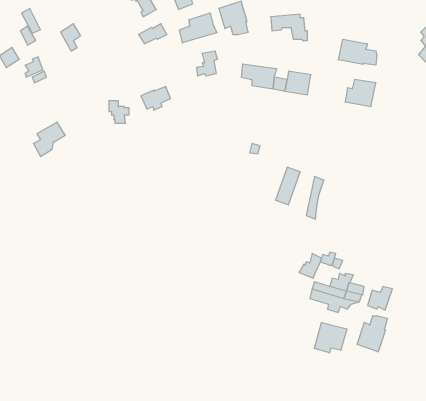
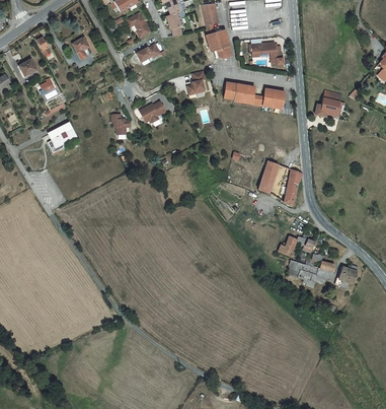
building: [179,13,217,43] -> none
building: [338,39,377,65] -> none
building: [357,316,387,352] -> none
building: [314,322,347,353] -> none

